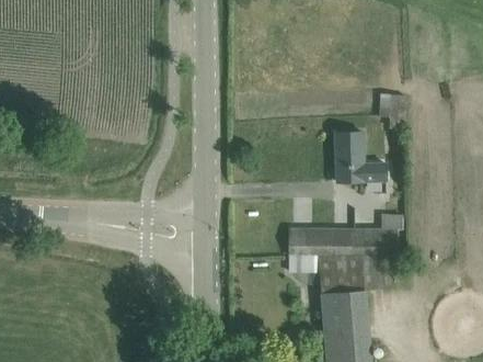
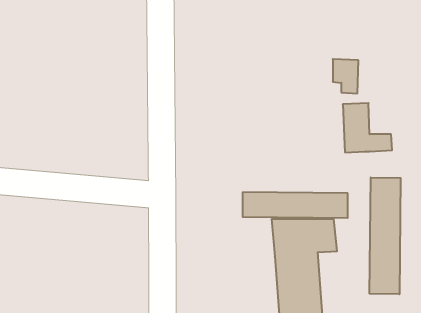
building: [335,132,386,182] -> [343,103,392,152]
building: none -> [370,177,401,294]

